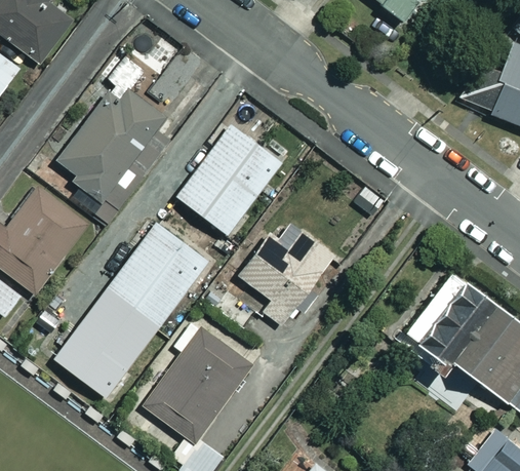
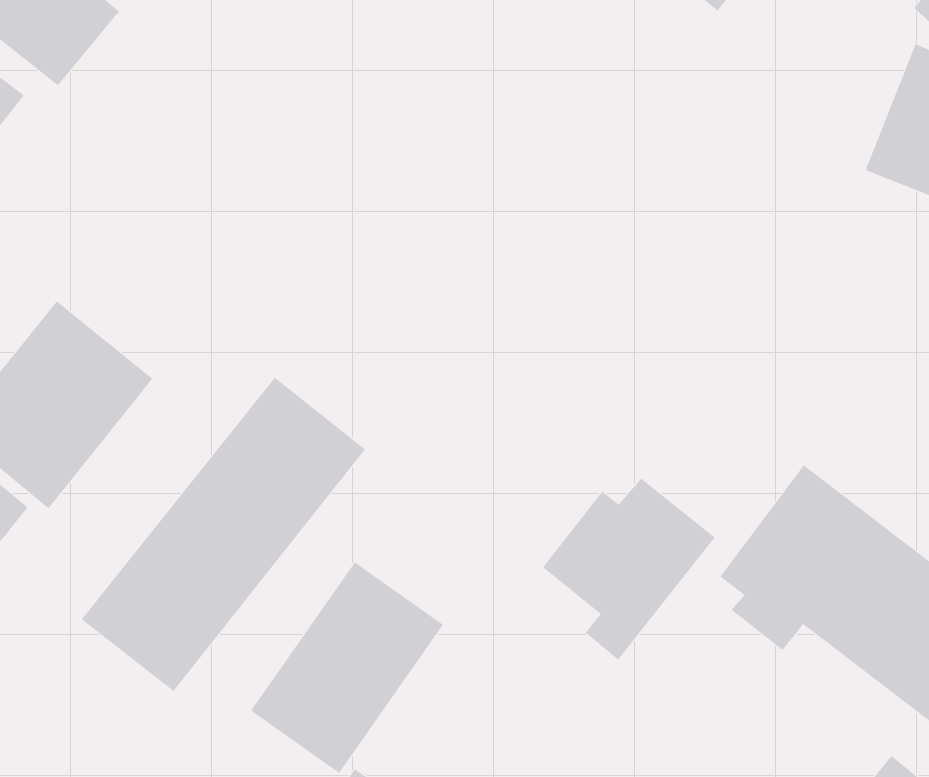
building: [56,90,167,223] -> none
building: [175,124,281,235] -> none
building: [237,224,332,324] -> [542,478,715,660]

